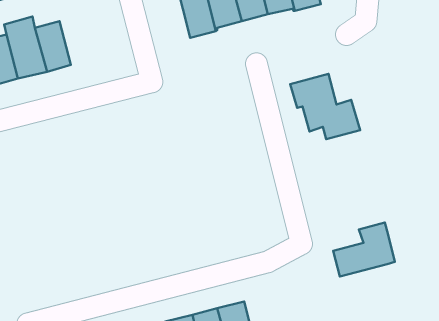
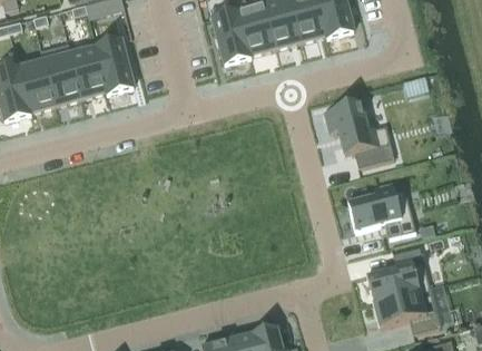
building: none -> [92,36,132,95]
building: none -> [347,183,413,236]
building: none -> [372,286,437,332]

